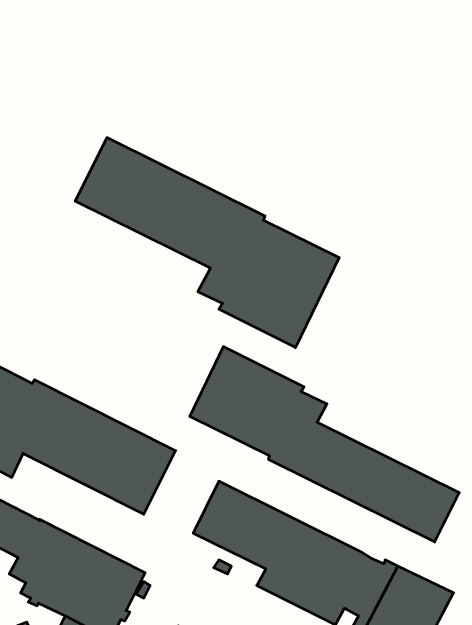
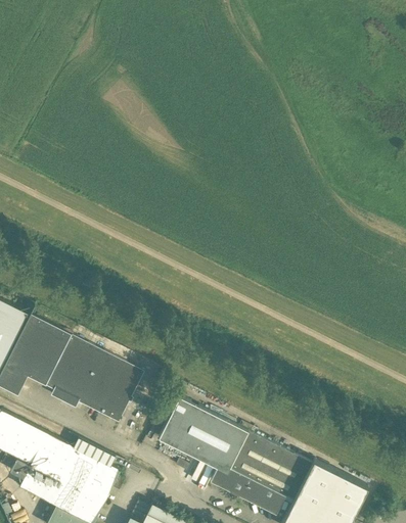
building: [75,138,339,348] -> none
building: [190,347,459,542] -> none

